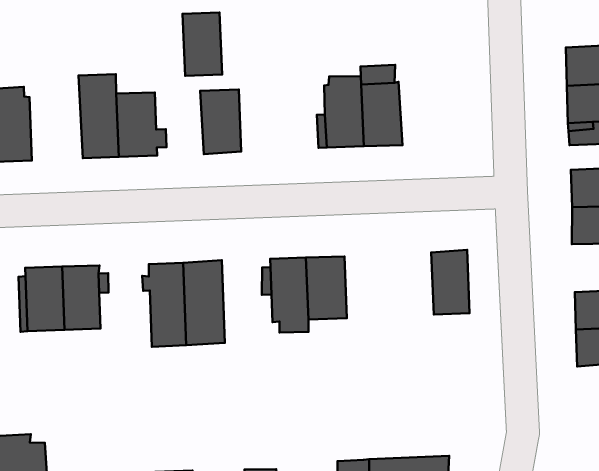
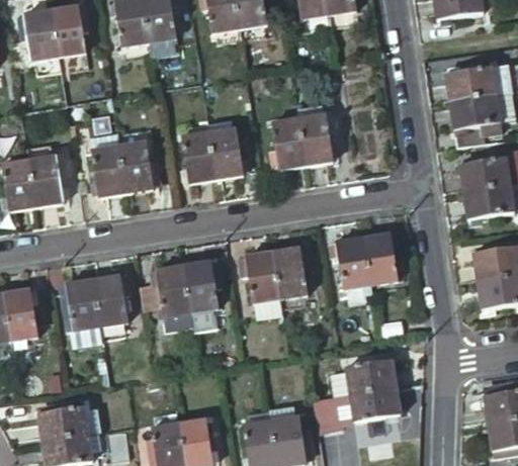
building: [182,13,222,76] -> [208,128,243,178]
building: none -> [337,237,371,286]
building: none -> [330,360,395,395]

